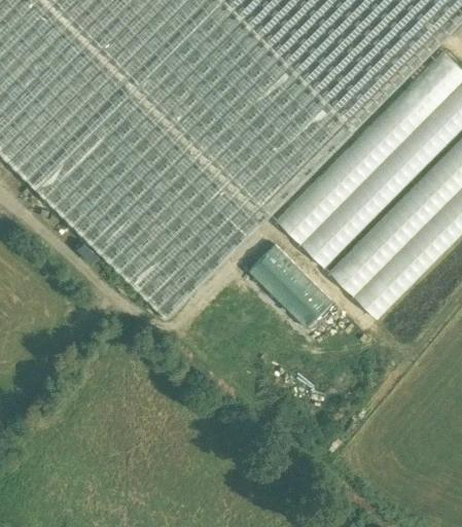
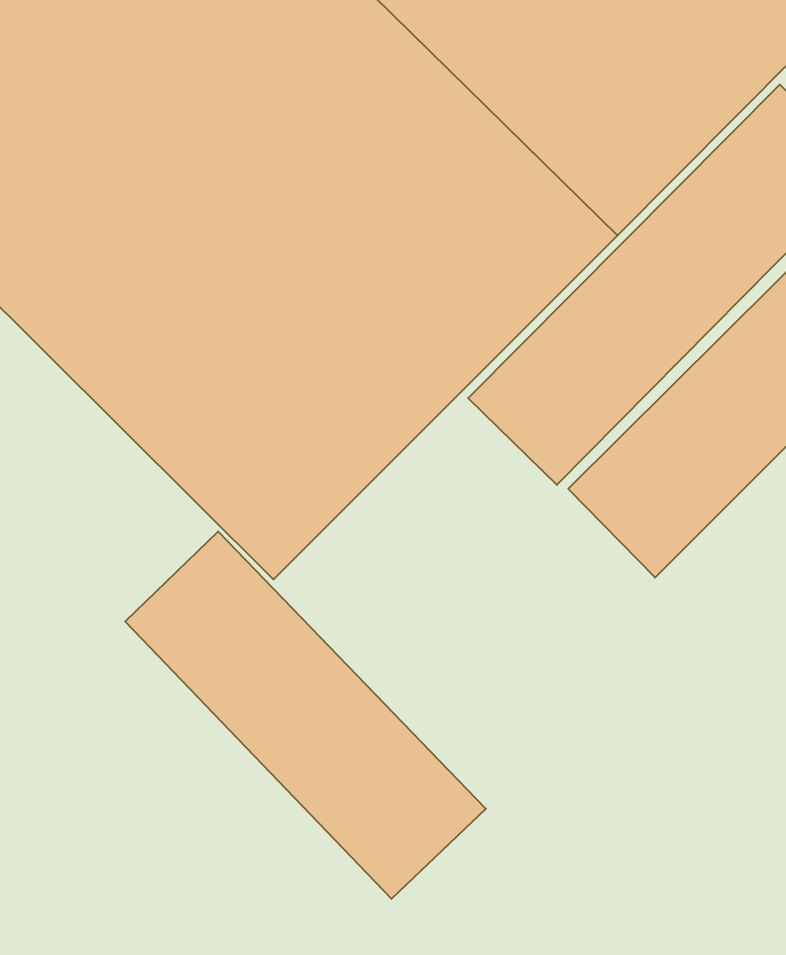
building: [247,239,333,326] -> none
building: none -> [125,531,486,899]

